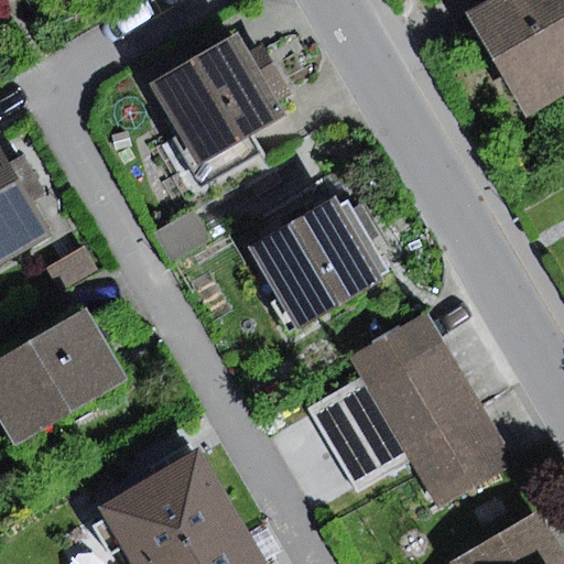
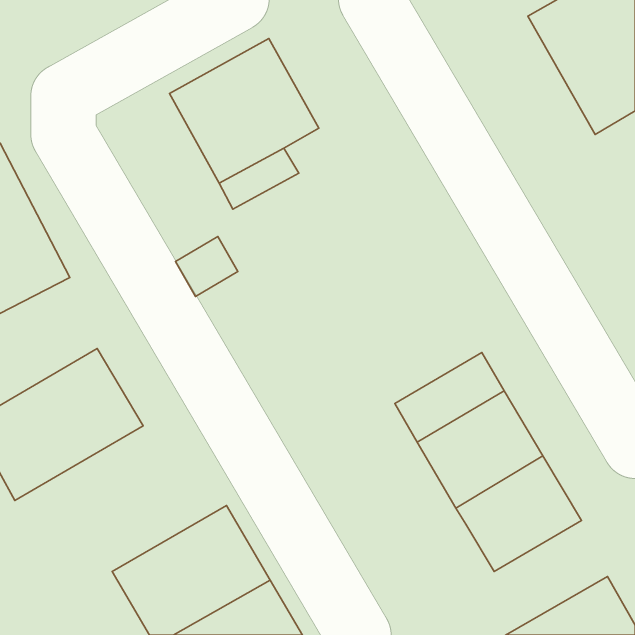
building: [248,197,386,332] -> none
building: [307,378,412,495] -> none

